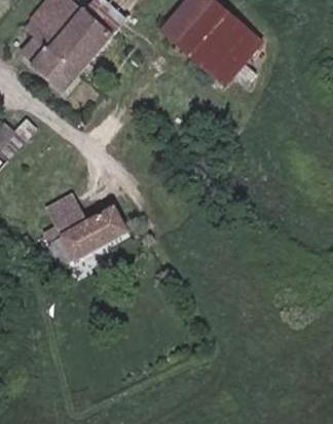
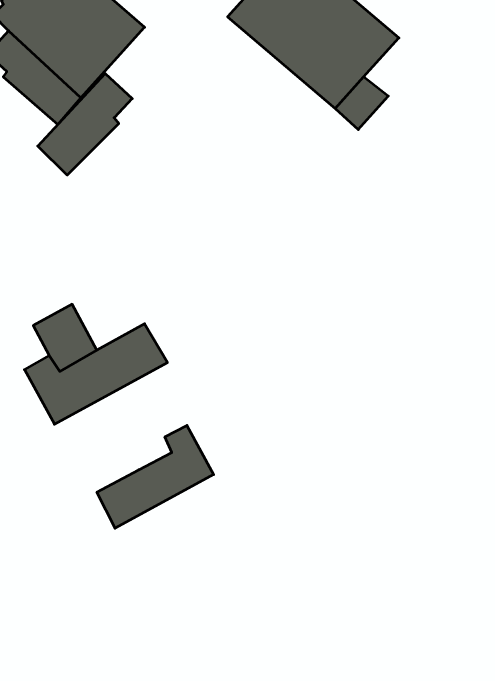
building: none -> [38,73,132,175]
building: none -> [97,425,214,528]

